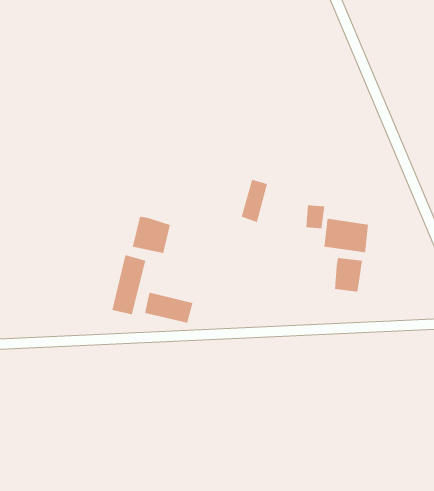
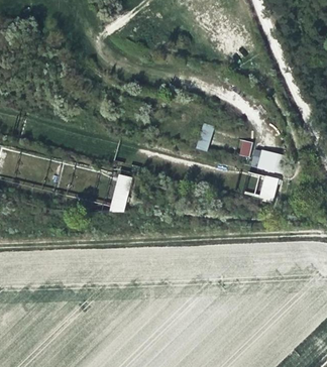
building: [132,216,171,254] -> none
building: [144,292,193,324] -> none

